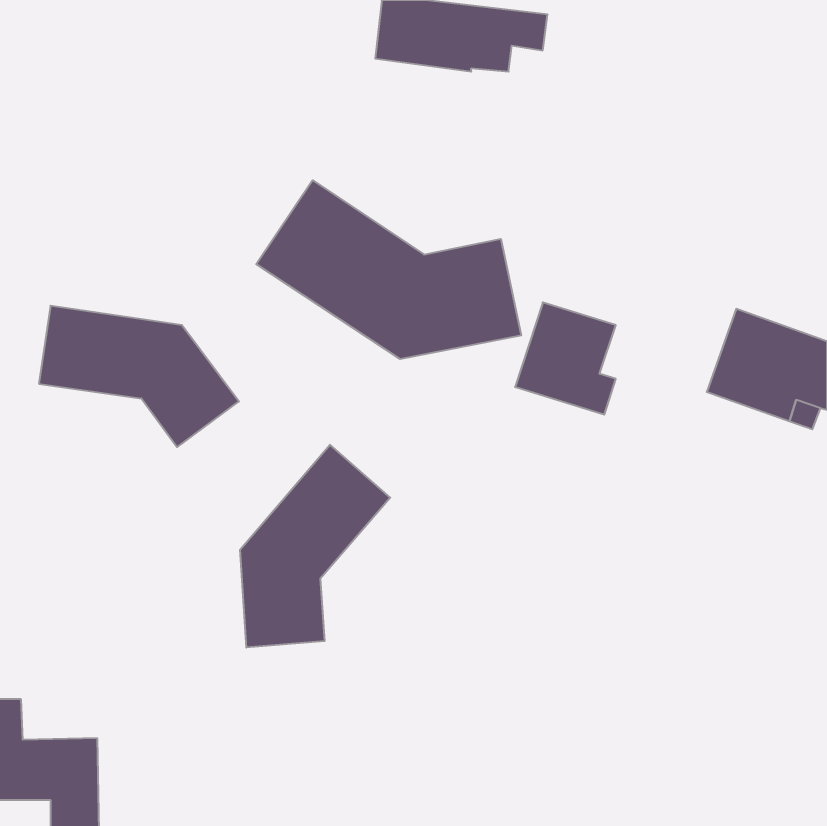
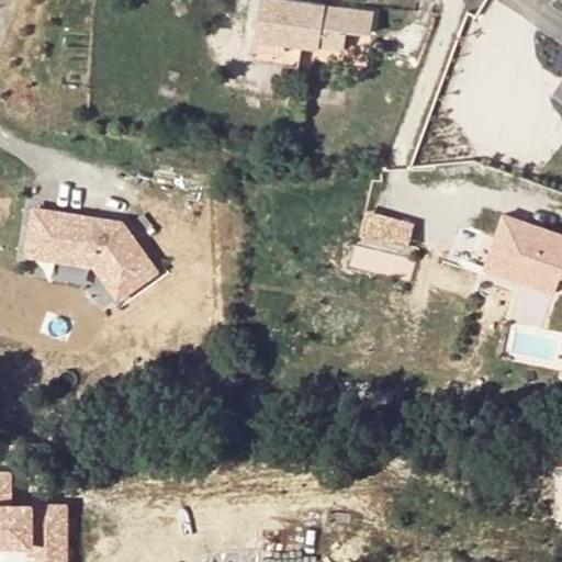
building: [256,180,521,359] -> none
building: [240,445,390,648] -> none

